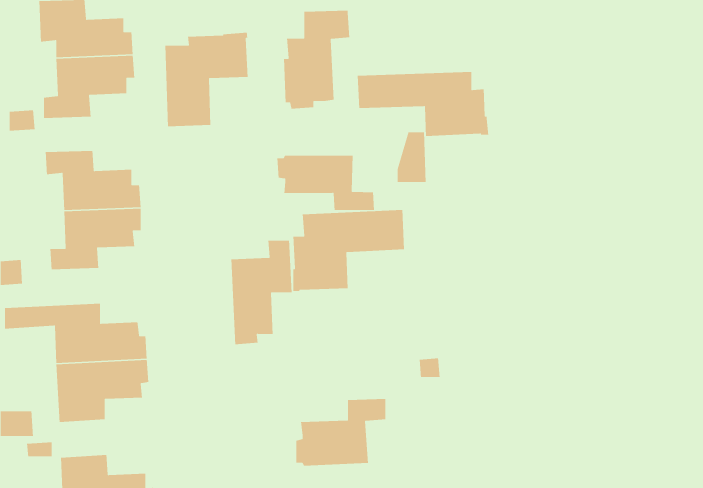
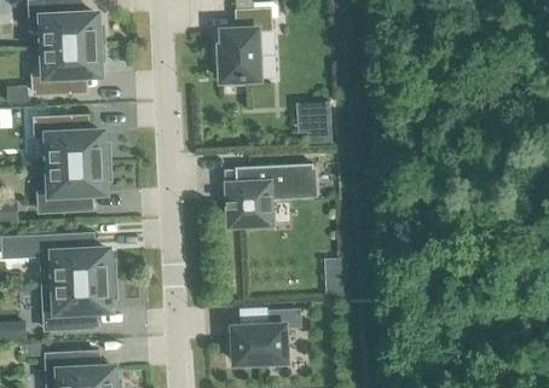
building: [164,32,249,127] -> none
building: [357,71,489,137] -> none
building: [277,155,375,211] -> none
building: [231,240,293,345] -> none

